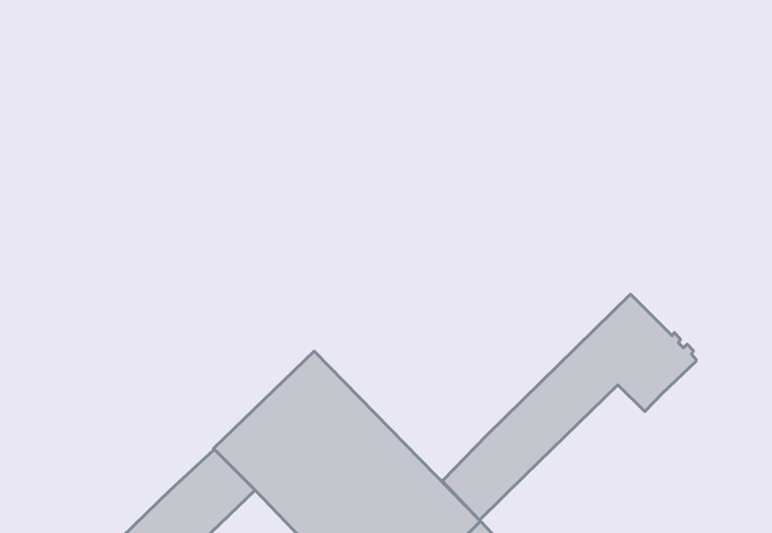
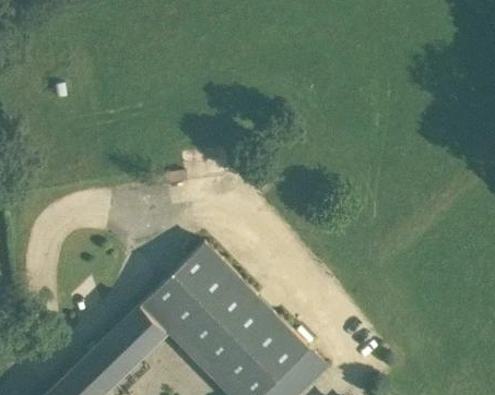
building: [441,294,696,520] -> none

